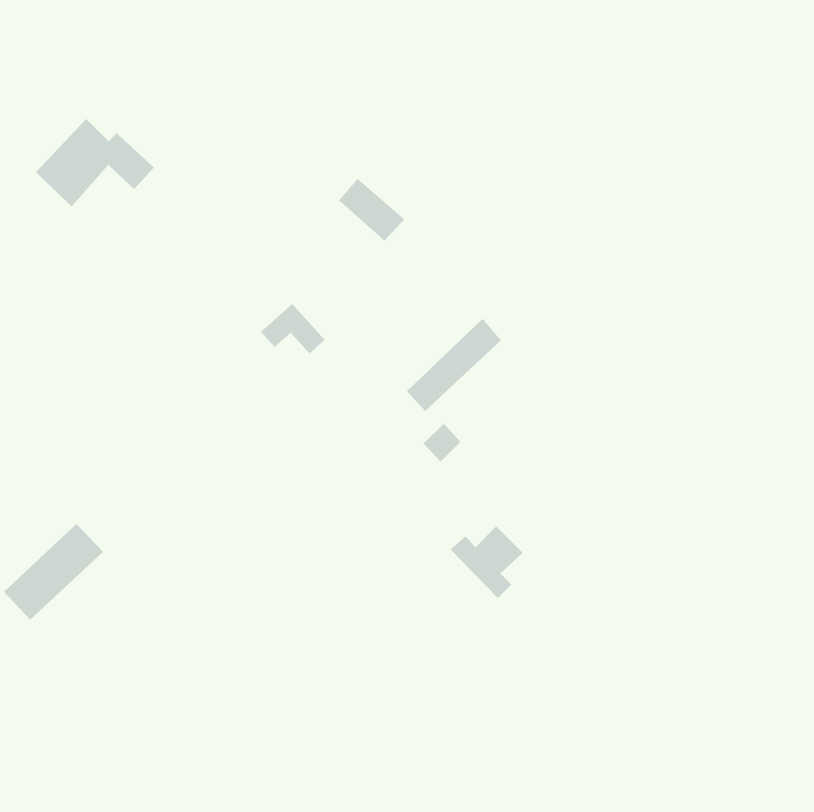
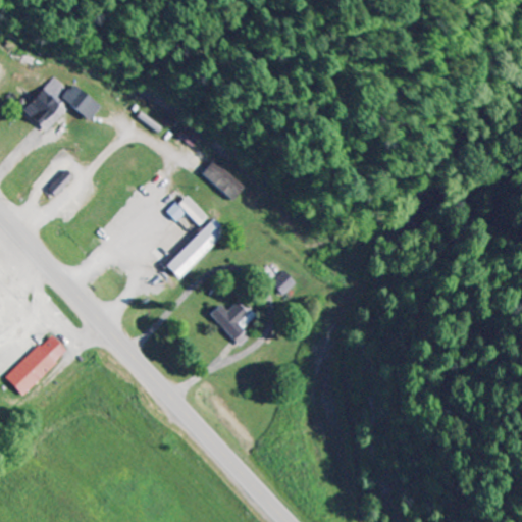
building: [338,178,405,242] -> [203,160,246,201]
building: [406,318,502,412] -> [164,219,225,279]
building: [450,526,523,599] -> [211,299,258,346]

